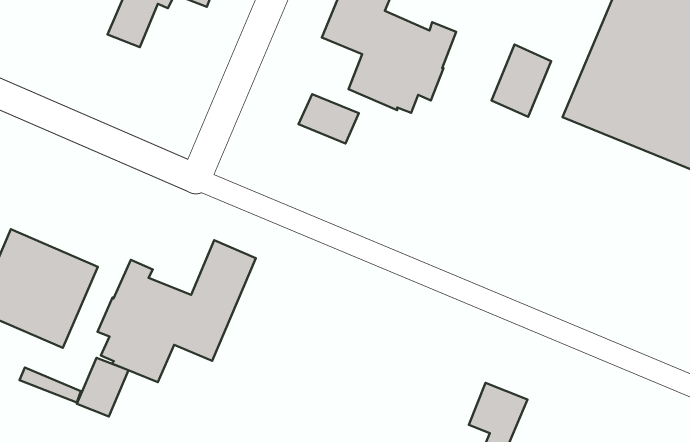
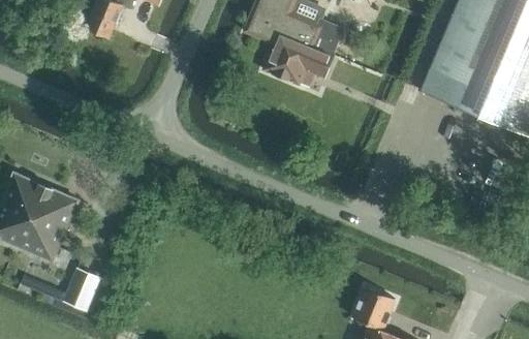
building: [491,45,551,117] -> none
building: [299,94,359,143] -> none
building: [97,240,256,382] -> none

